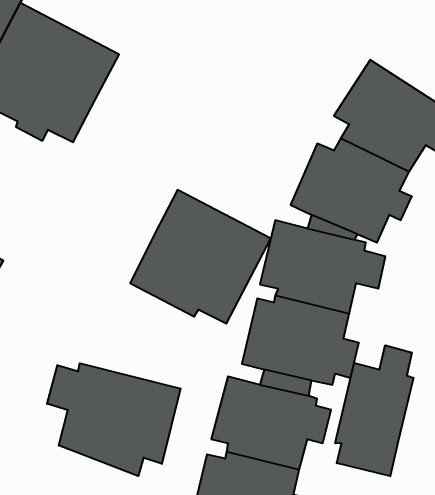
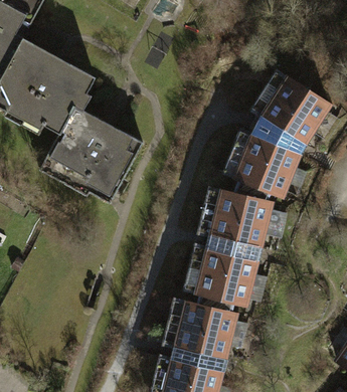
building: [130,190,271,324] -> [44,103,146,199]
building: [335,345,413,476] -> none
building: [47,363,180,476] -> none

